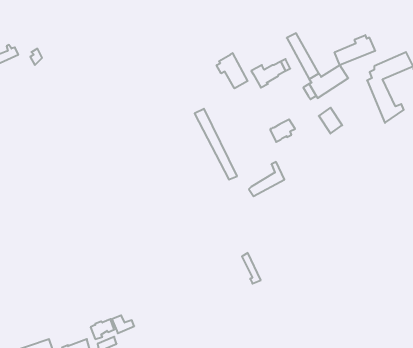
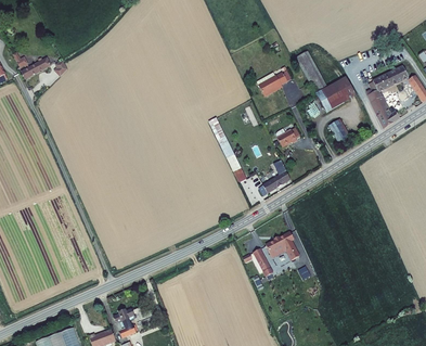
building: [335,35,375,65] -> none
building: [217,53,248,88] -> none
building: none -> [266,231,298,260]

